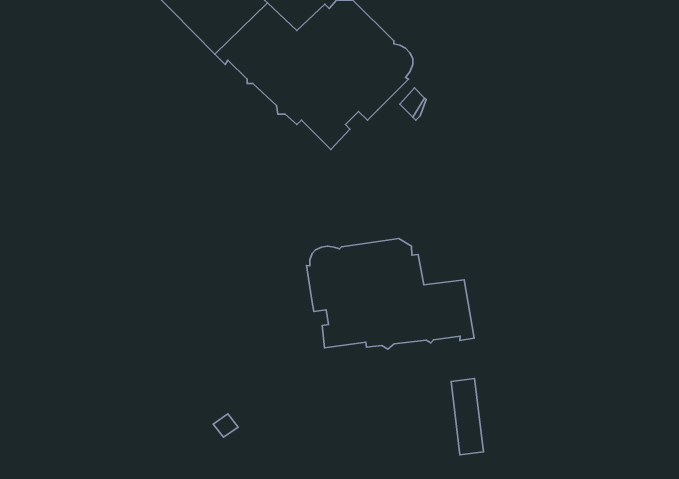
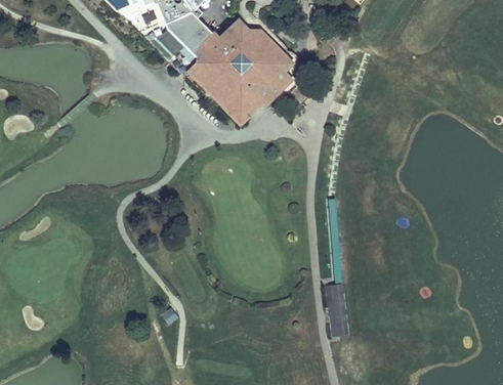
building: [306,239,474,349] -> none

